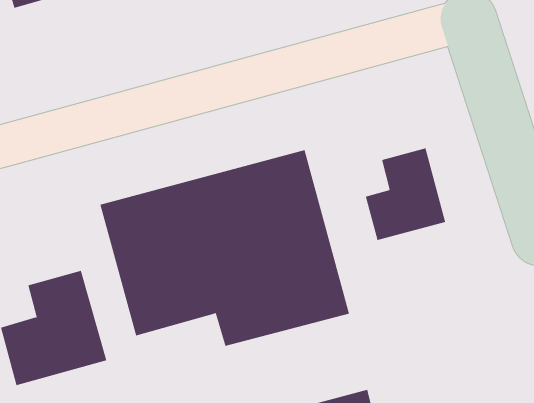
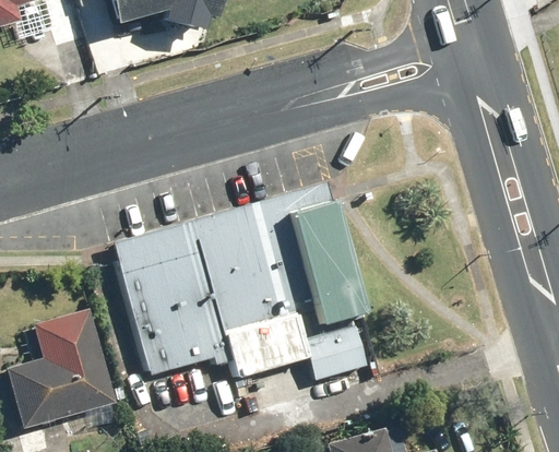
building: [365,147,446,241] -> none

